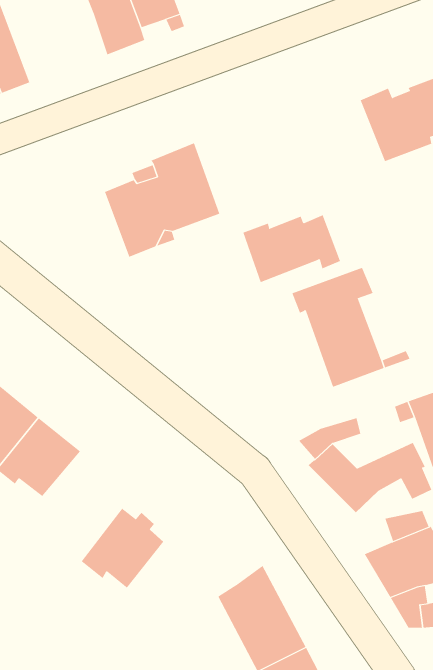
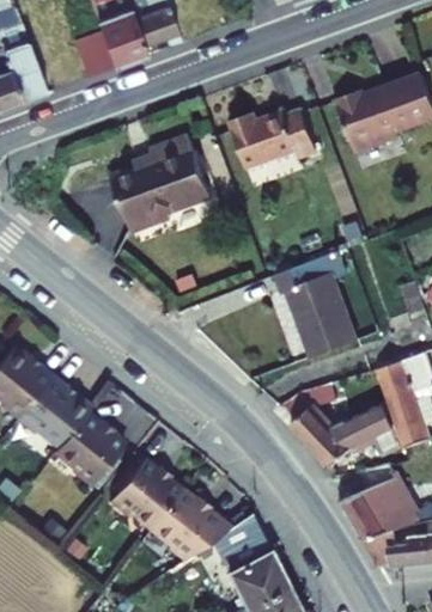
building: none -> [74,27,115,73]
building: [242,215,341,283] -> [232,115,318,175]
building: none -> [48,410,126,489]
building: none -> [133,489,211,562]

